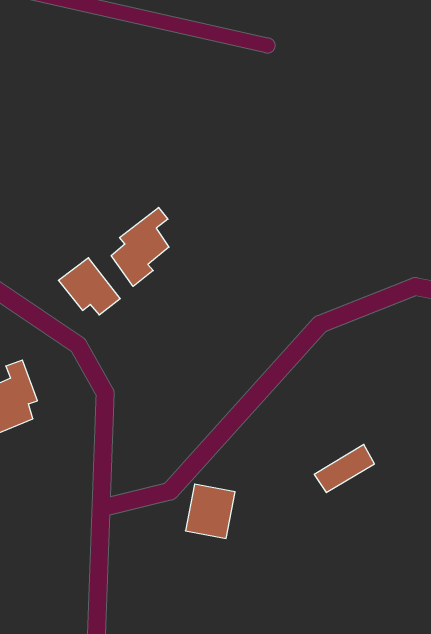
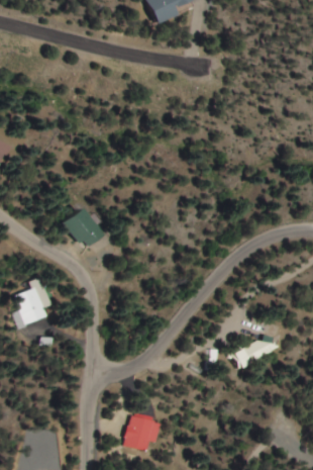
building: [111,207,169,286] -> none
building: [185,484,235,538] -> [122,414,155,451]

